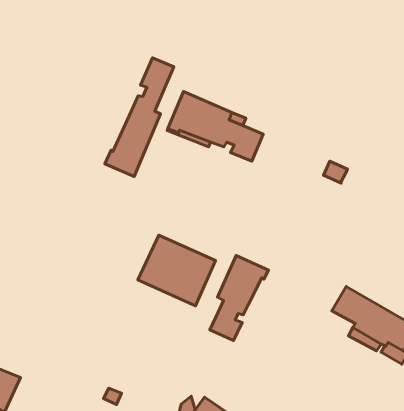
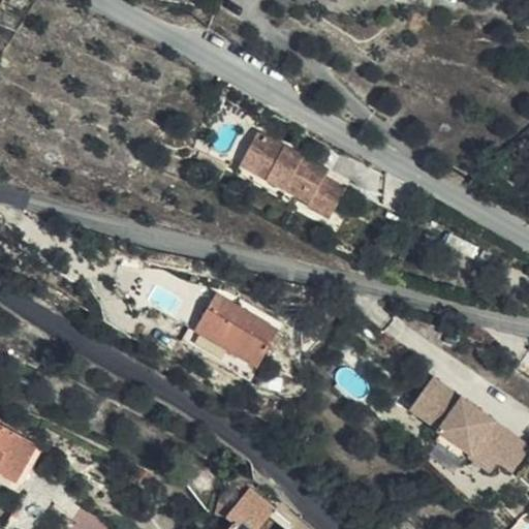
building: [105,58,174,176] -> none
building: [210,255,268,340] -> none

